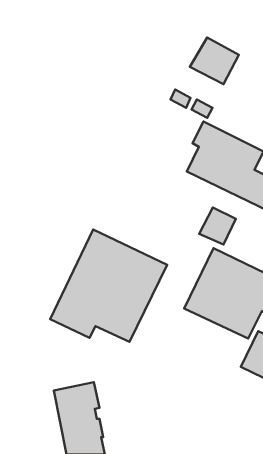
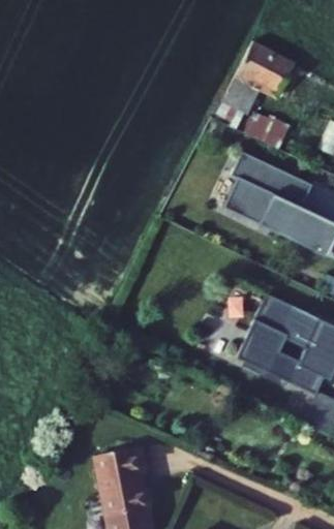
building: [199,207,236,245] -> none
building: [50,229,167,342] -> none

